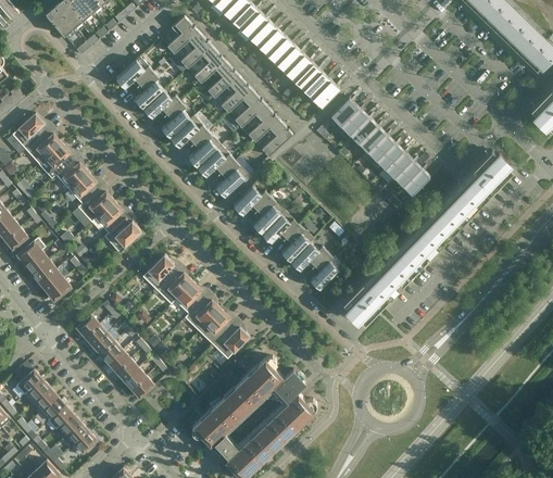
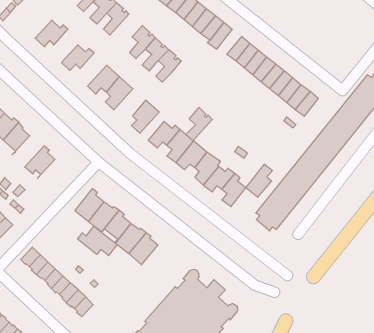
building: [206,61,238,98] -> none
building: [134,72,163,109] -> none
building: [161,101,193,138] -> none
building: [261,120,292,156] -> [186,107,212,141]
building: [197,146,234,177] -> none
building: [72,188,114,228] -> none
building: [103,217,140,252] -> none
building: none -> [246,164,272,197]
building: none -> [78,226,117,256]
building: [212,325,249,360] -> none

